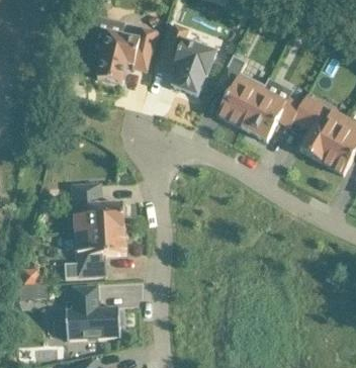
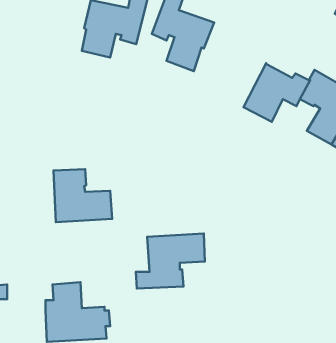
building: [215,55,266,128] -> none
building: [65,228,126,278] -> [136,233,205,289]

